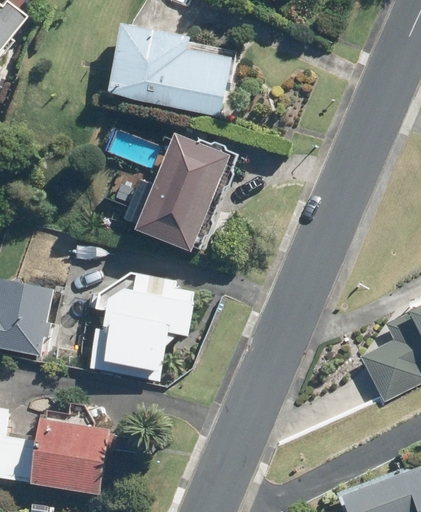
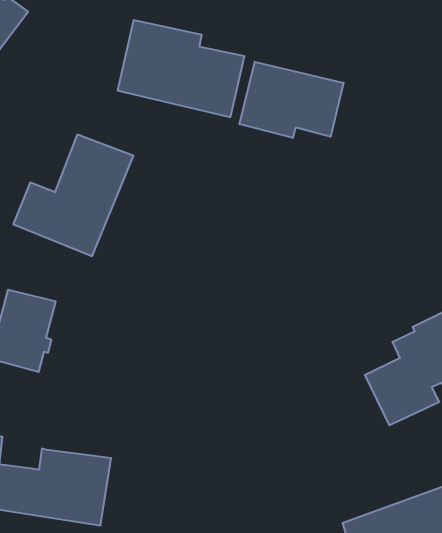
building: none -> [239,62,344,138]
building: [123,137,236,251] -> [13,135,134,256]
building: [92,289,195,383] -> none

